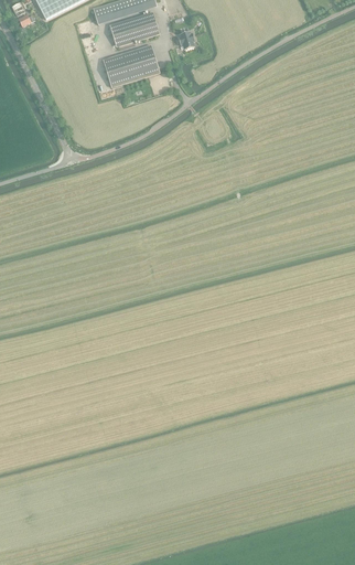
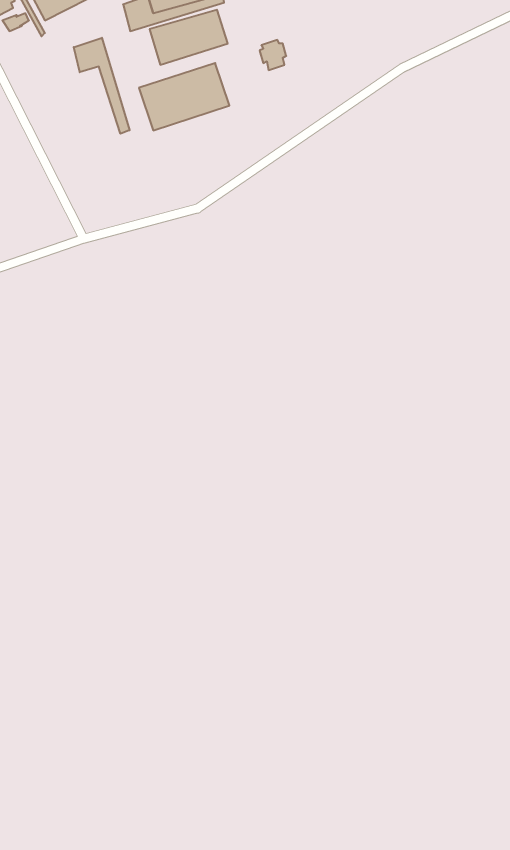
building: none -> [74,38,130,134]

